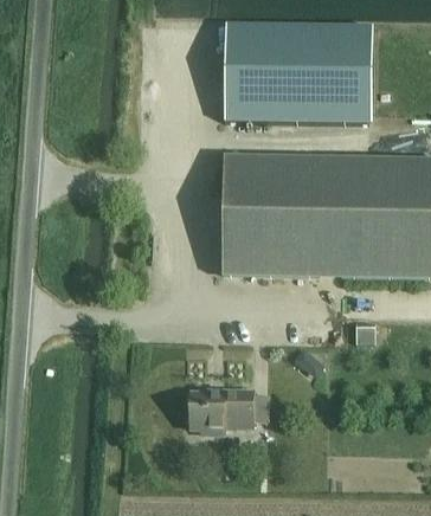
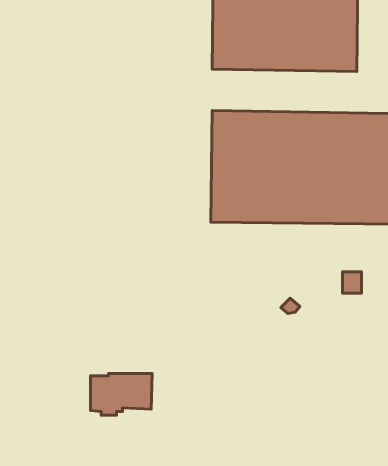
building: [192,389,253,431] -> [91,374,152,415]

